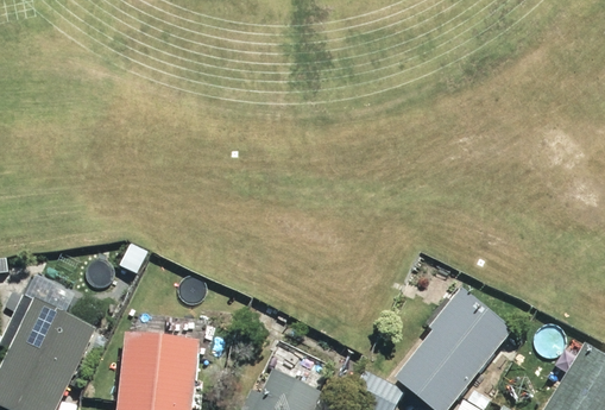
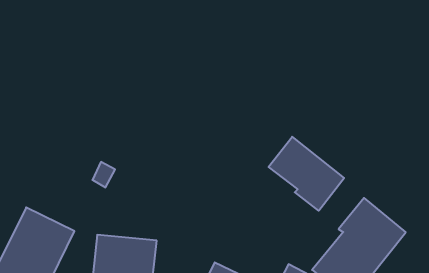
building: none -> [269,137,344,211]

